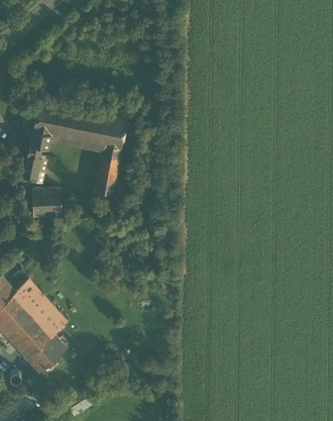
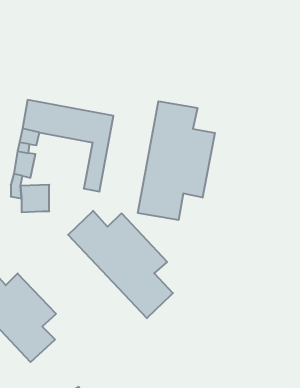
building: none -> [138,101,215,220]
building: none -> [68,211,173,318]

